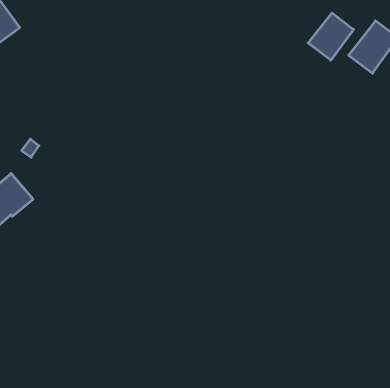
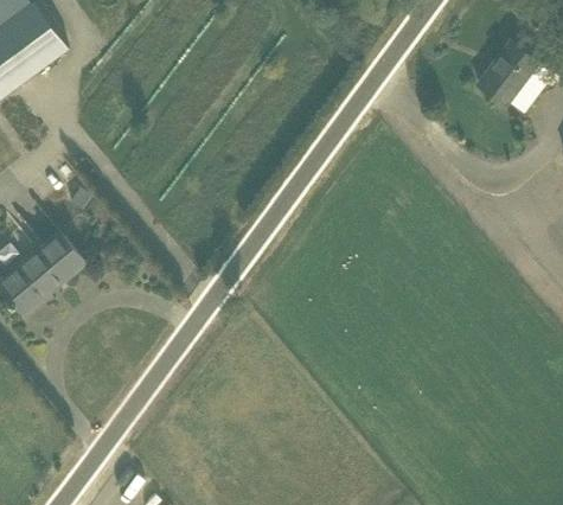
building: [308,13,354,60] -> none

